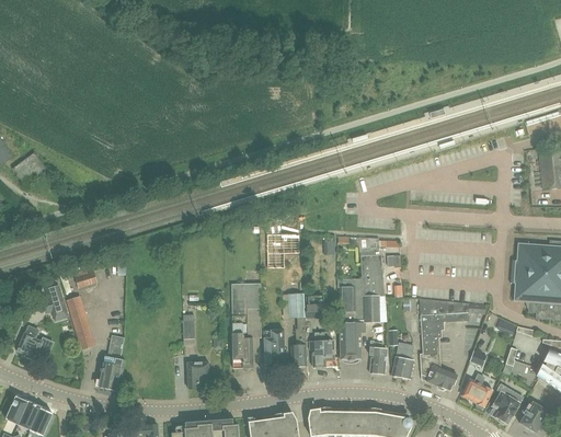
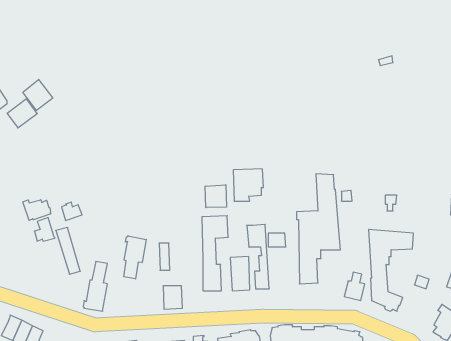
building: none -> [23,79,53,110]
building: none -> [205,185,226,208]
building: none -> [23,200,51,220]
building: none -> [124,236,146,279]
building: [16,325,53,359] -> none
building: [310,331,334,366] -> none
building: [369,338,387,372] -> none
building: [461,372,492,407] -> none

